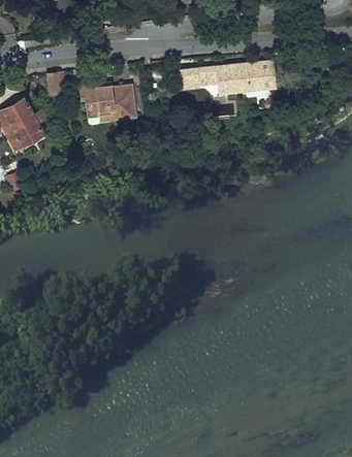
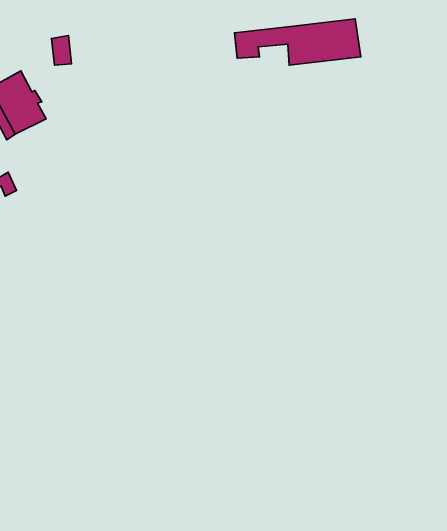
building: [79,83,136,123] -> none

